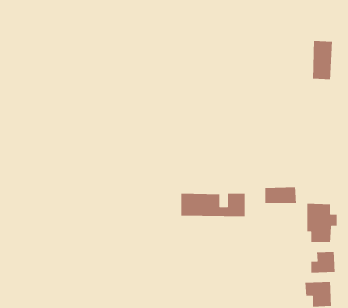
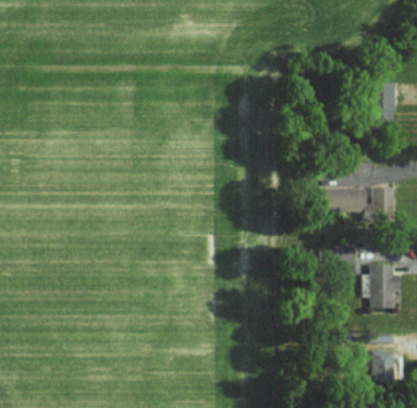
building: [180,193,246,217] -> [322,187,395,214]
building: [310,251,335,274] -> none

